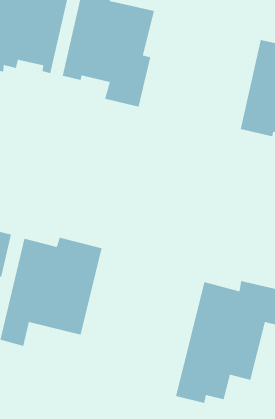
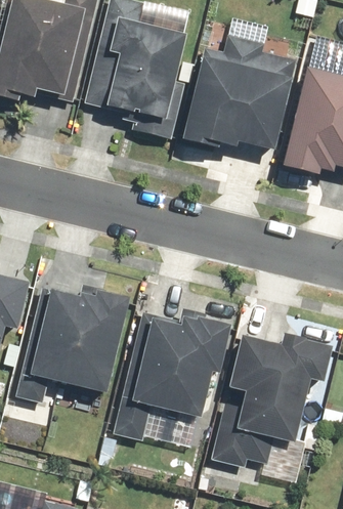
building: none -> [184,35,295,151]
building: none -> [112,308,232,442]

